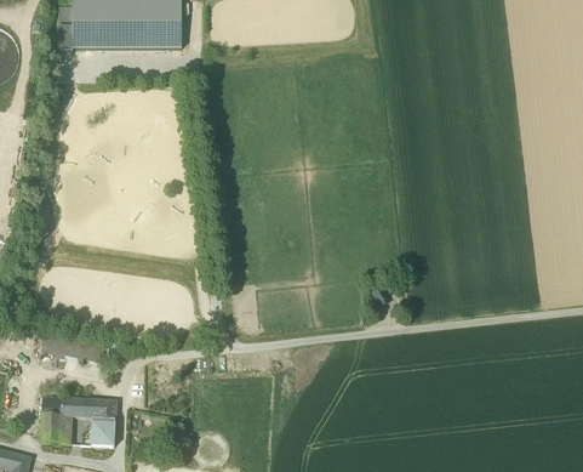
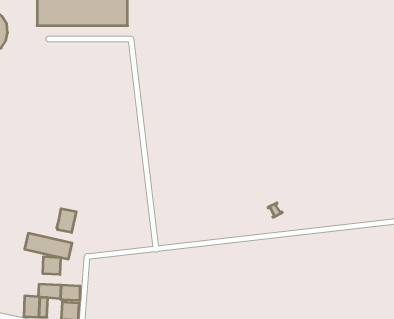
building: none -> [57,209,76,233]
building: none -> [43,257,61,275]

